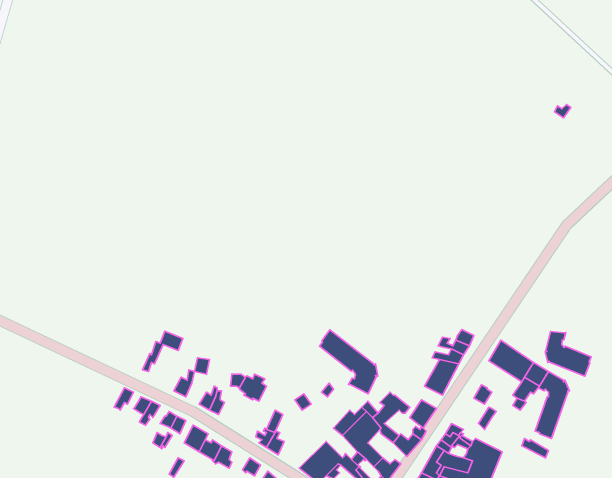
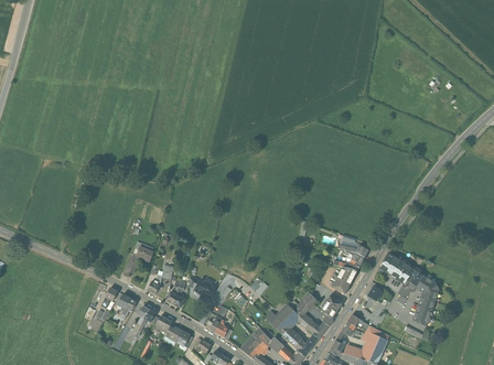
building: [319,330,378,394] -> none
building: [545,332,591,376] -> none

